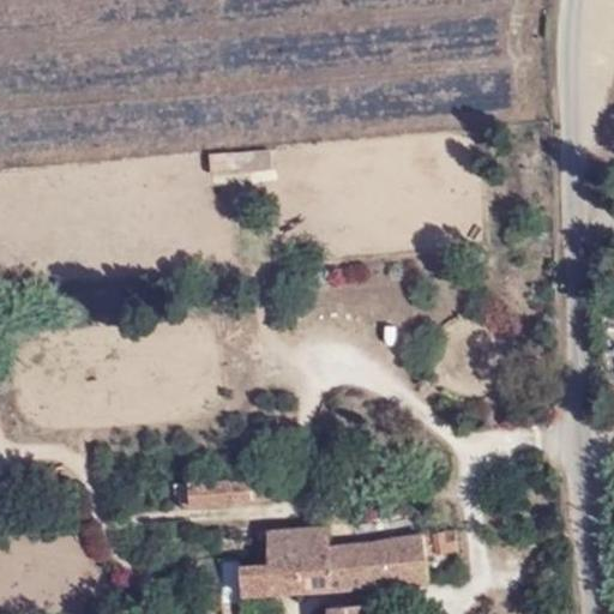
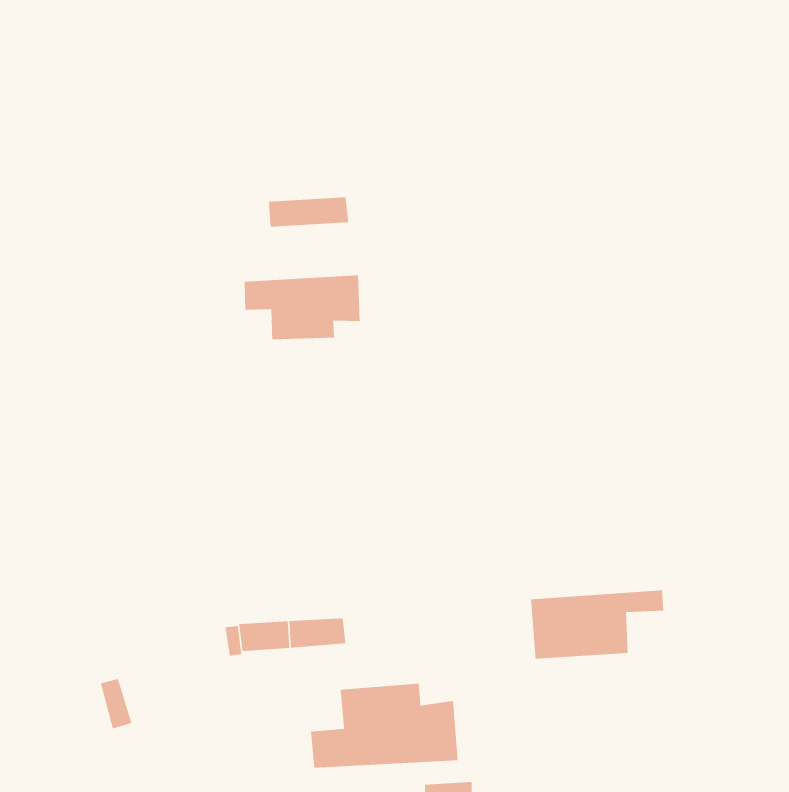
building: none -> [244,275,360,340]
building: [349,535,452,589] -> [530,590,664,660]

